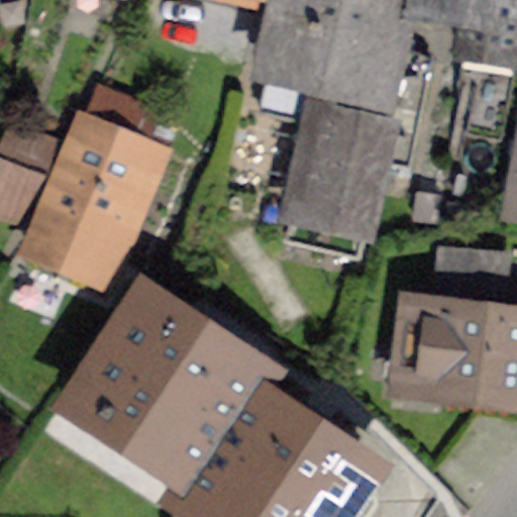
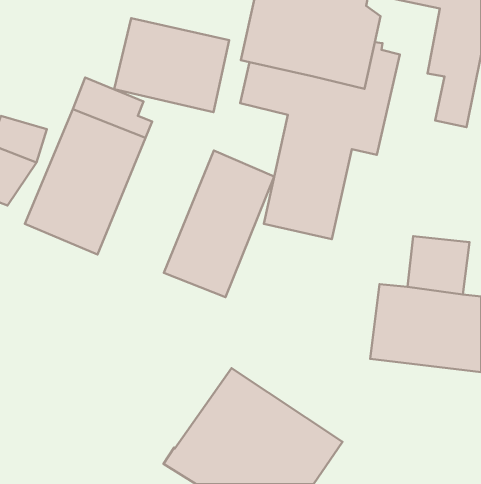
building: none -> [114,18,229,112]
building: none -> [164,151,274,297]
building: [67,292,255,474] -> none

